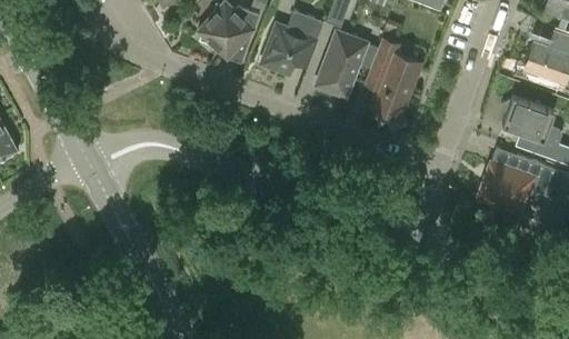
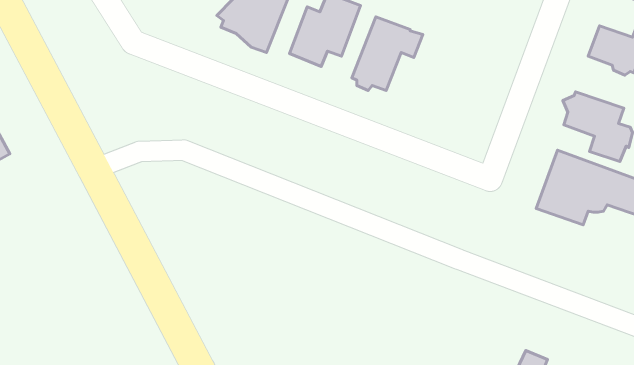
building: [365,40,420,118] -> none

